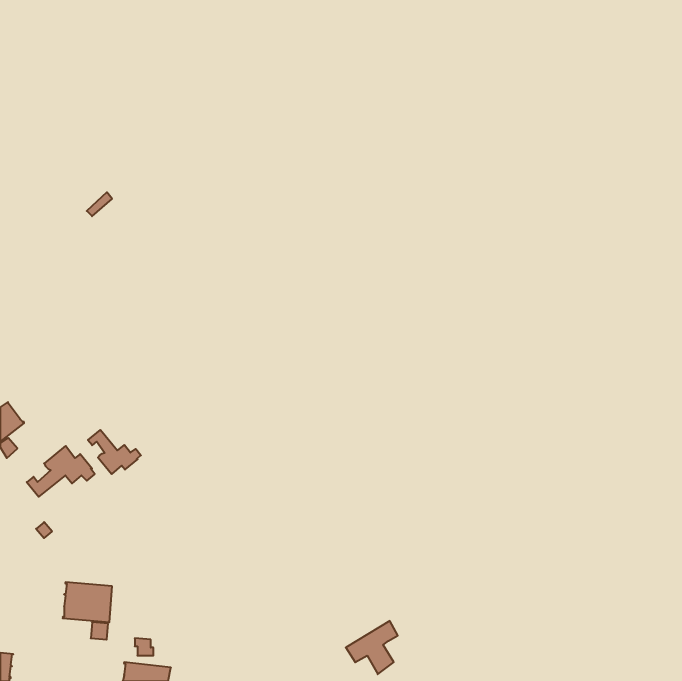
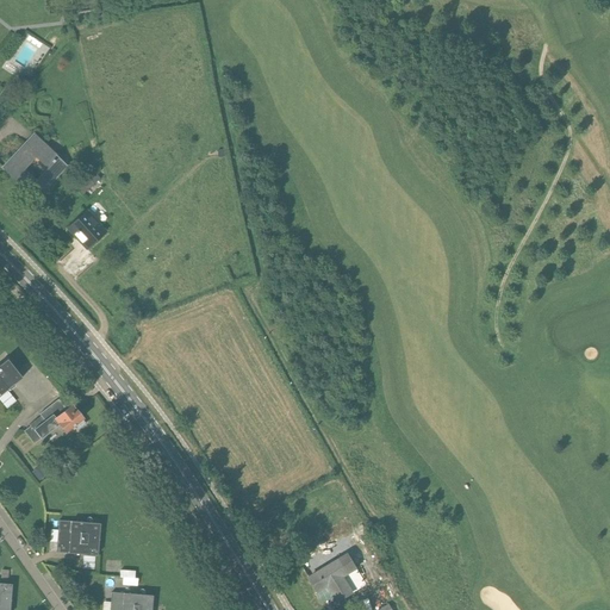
building: none -> [7,135,68,199]
building: none -> [70,208,106,248]
building: [88,430,141,474] -> none

